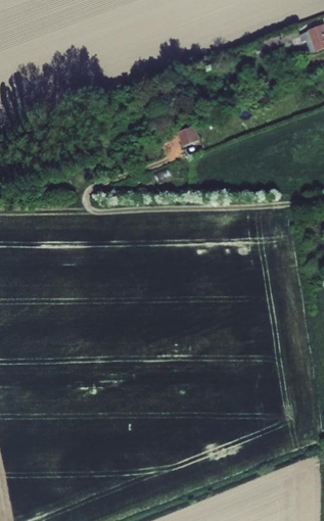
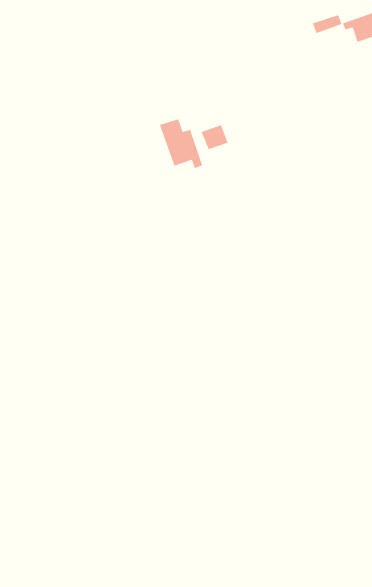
building: none -> [159,119,203,169]

